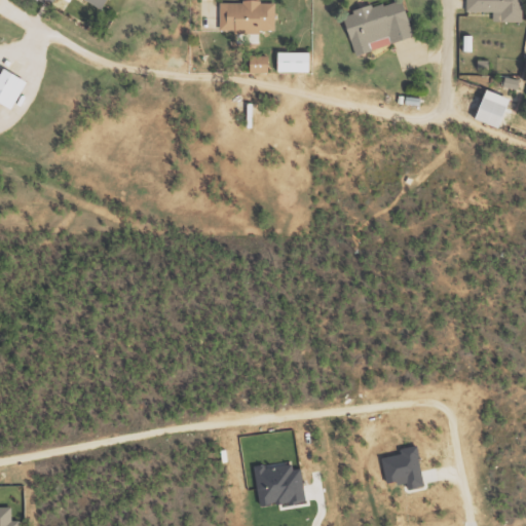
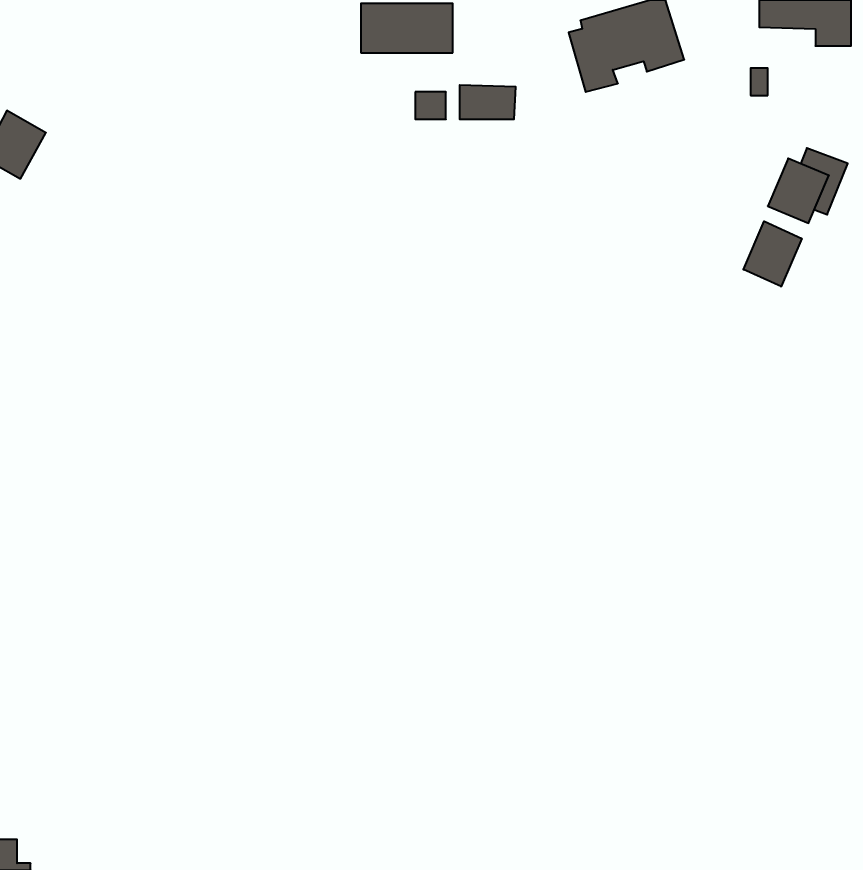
building: none -> [743,221,802,287]
building: [381,446,422,489] -> none
building: [251,459,305,506] -> none

